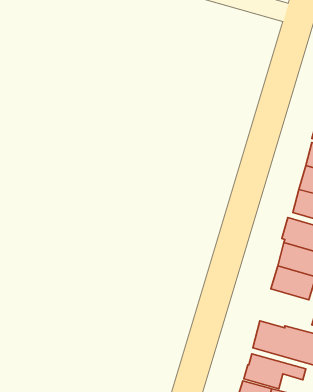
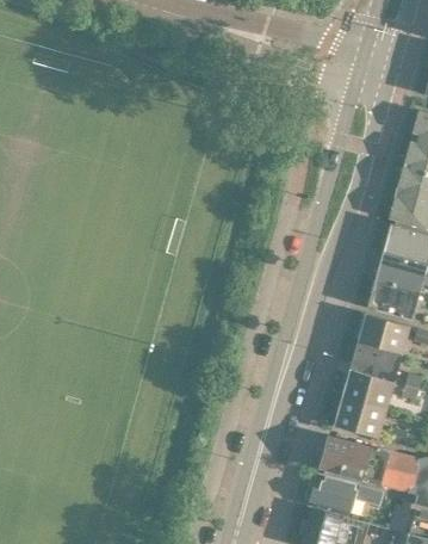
building: none -> [334,397,386,438]

